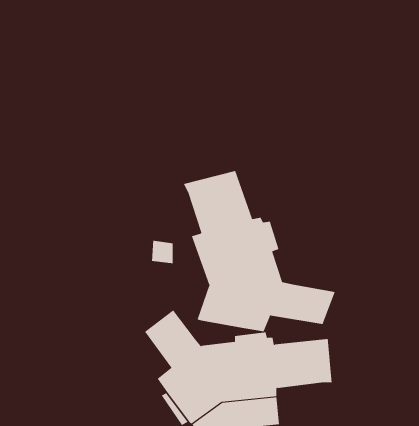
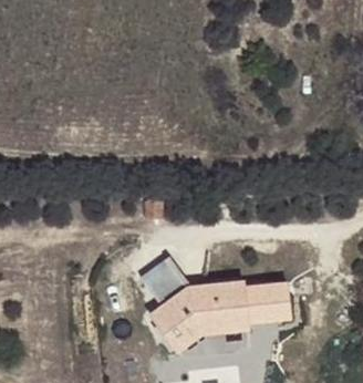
building: [183,170,336,332] -> none

